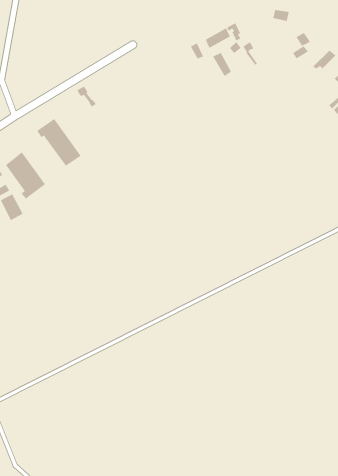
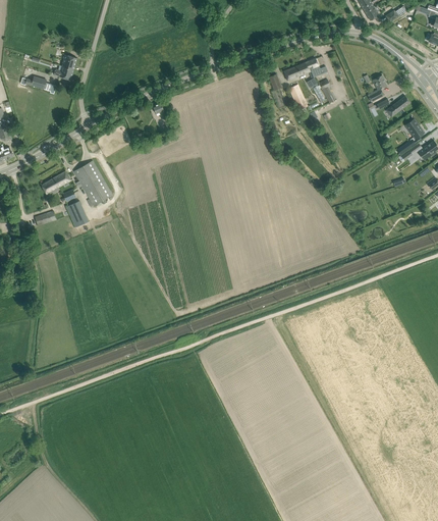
building: [37,118,82,166] -> none

